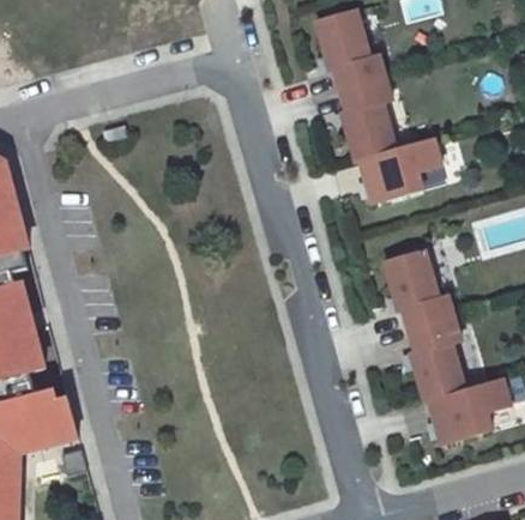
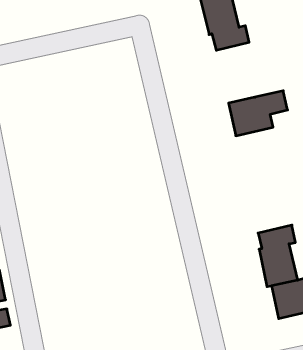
building: [340,75,396,159] -> none
building: [386,249,454,329] -> none

